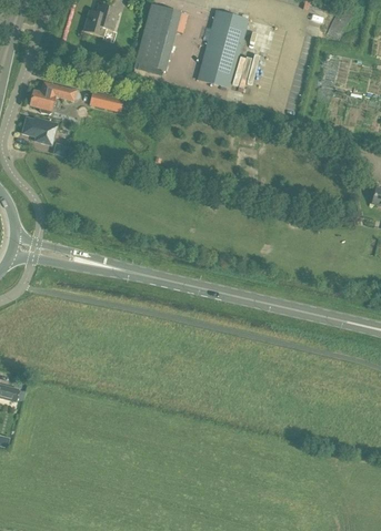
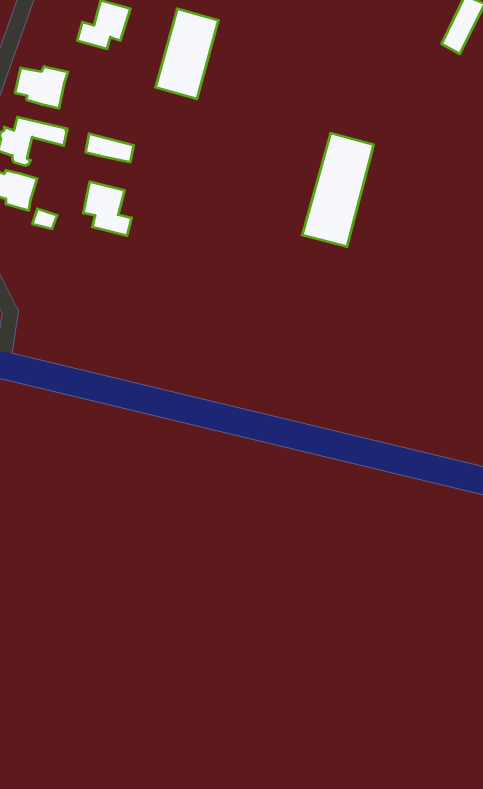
building: [199,10,247,85] -> [302,133,374,247]
building: none -> [15,66,68,108]
building: none -> [83,182,132,236]

